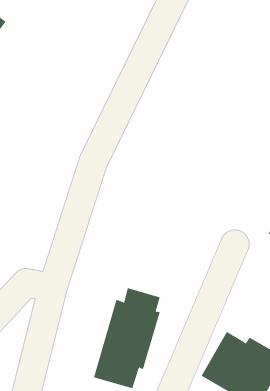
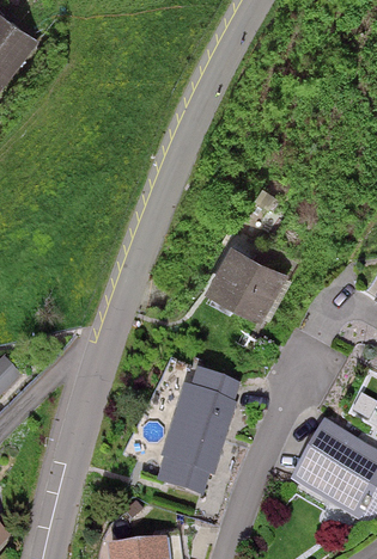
building: none -> [201,238,288,319]

